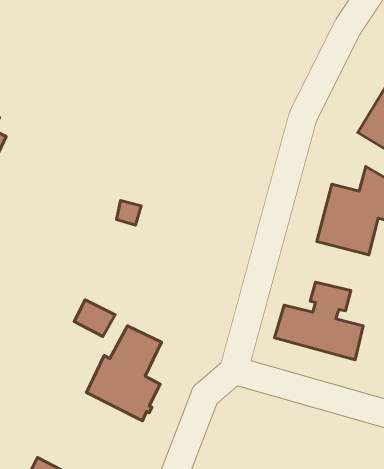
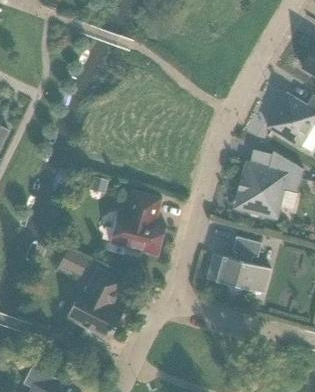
building: none -> [109,190,165,256]

